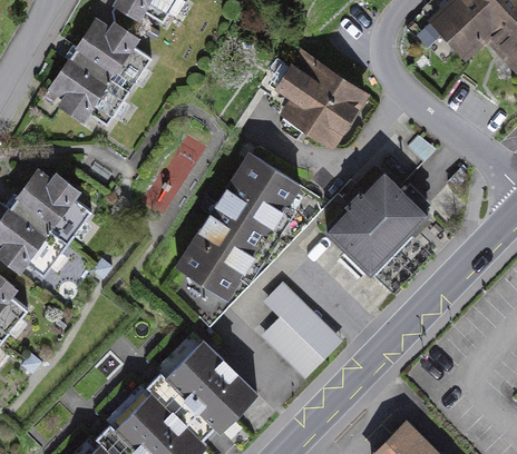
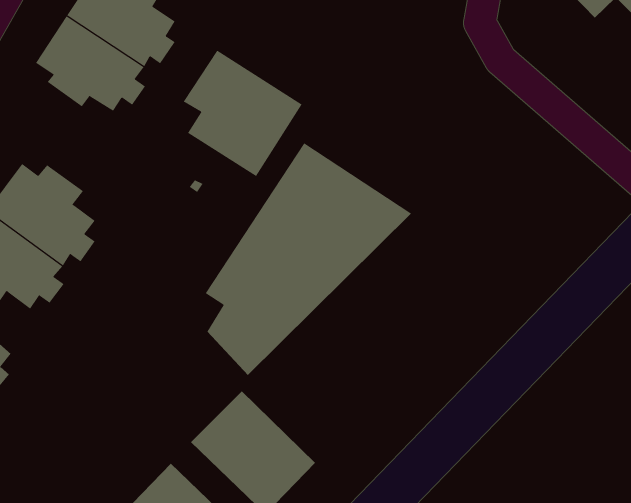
building: [275,49,365,145] -> [183,50,302,177]
building: [329,171,426,268] -> none
building: [260,285,335,375] -> none

